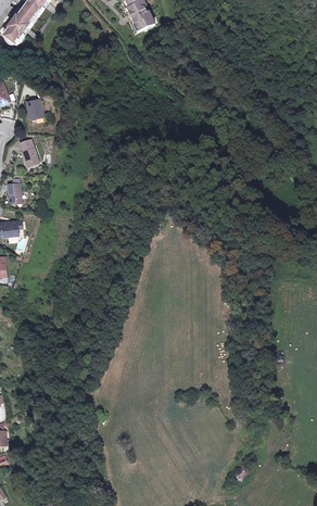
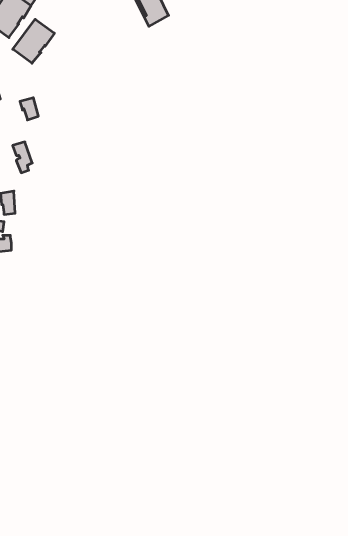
building: none -> [13,19,54,63]

